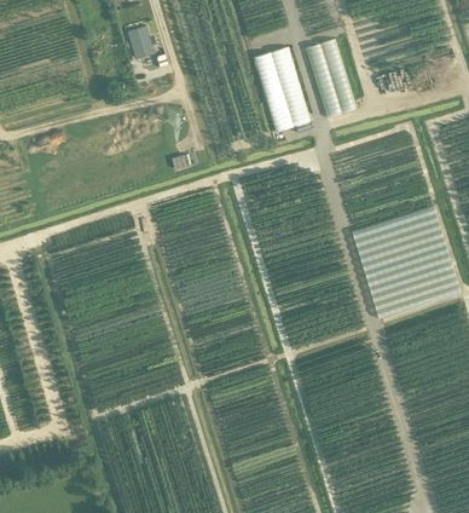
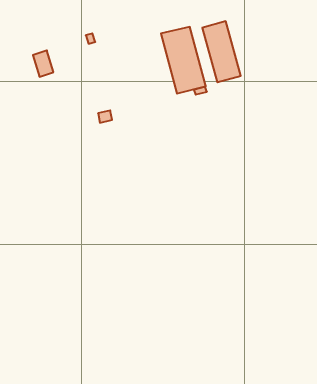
building: [127,25,154,59] -> [33,50,53,77]

